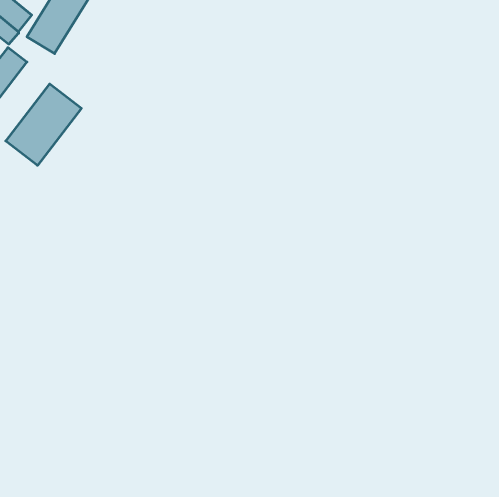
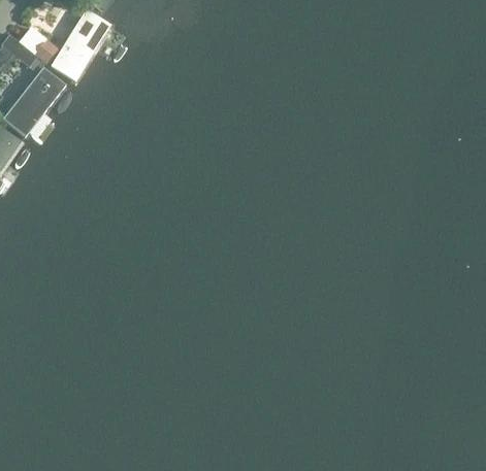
building: [6,84,81,165] -> none

